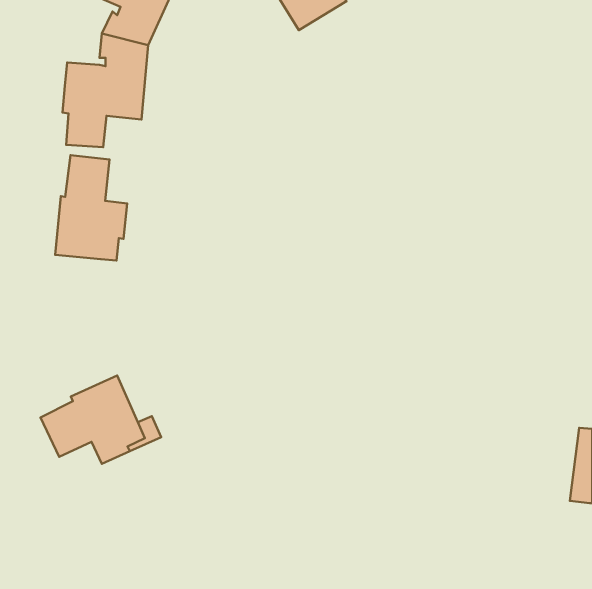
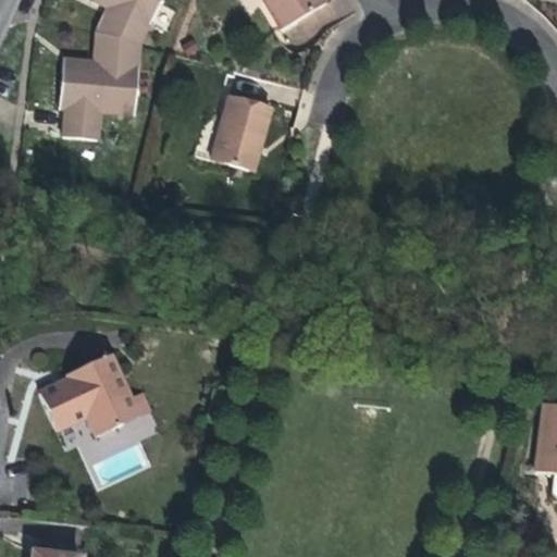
building: none -> [211,95,271,170]
building: [55,155,127,260] -> none

